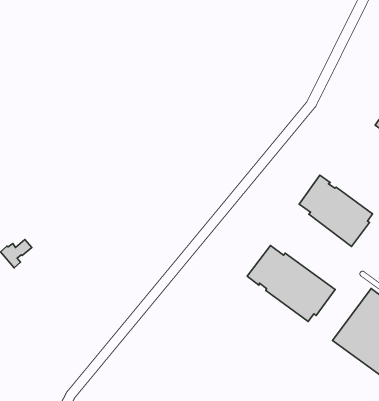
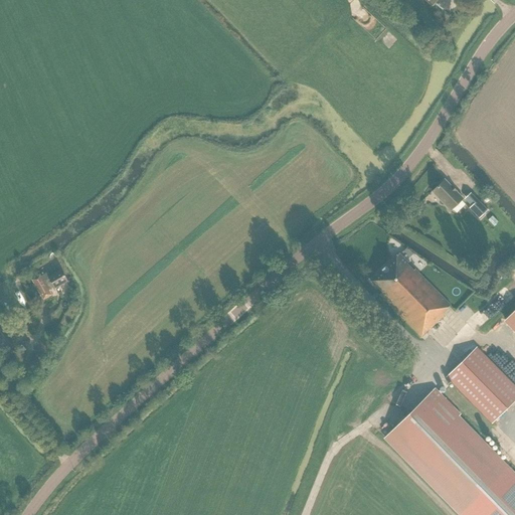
building: none -> [434,179,464,209]
building: [247,246,335,322] -> none

